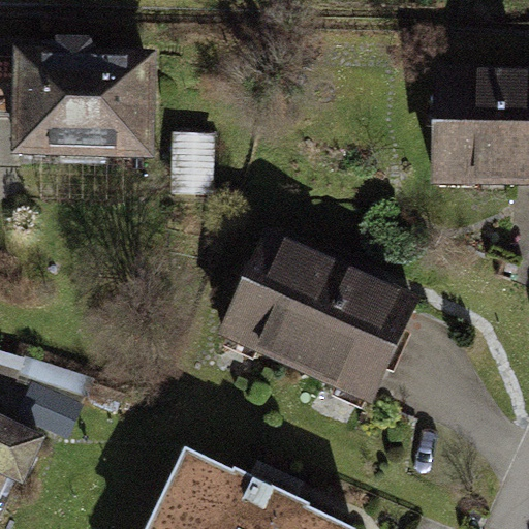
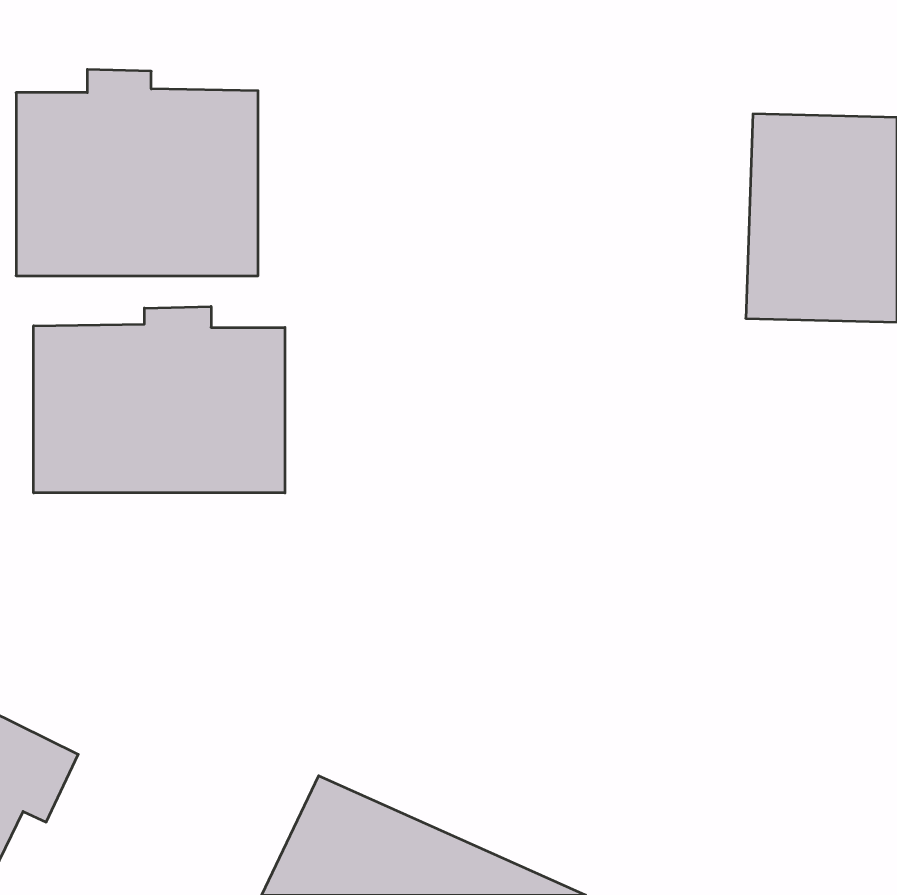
building: none -> [34,306,285,493]
building: [220,230,421,400] -> none

